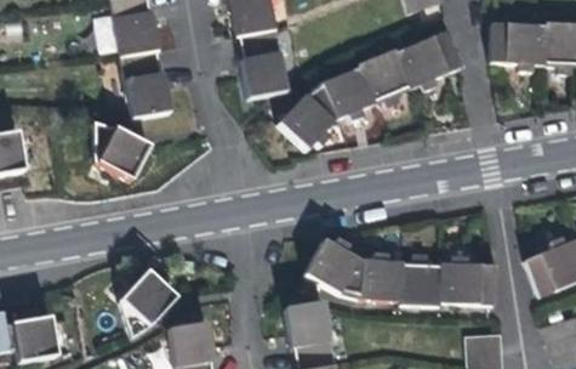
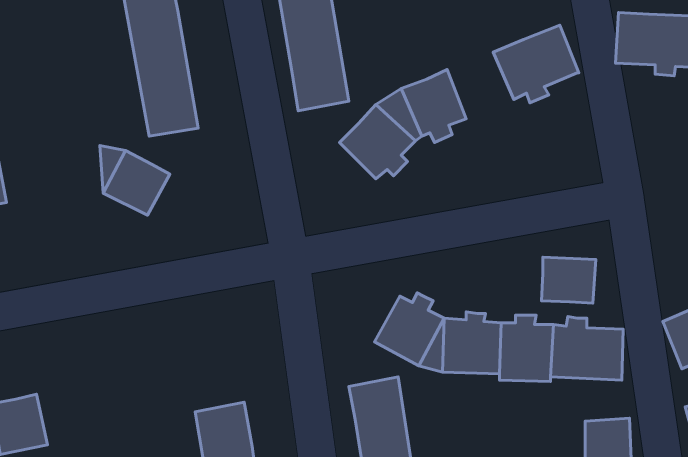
building: [359,49,411,106] -> none
building: none -> [541,257,596,303]
building: [118,269,173,335] -> none

